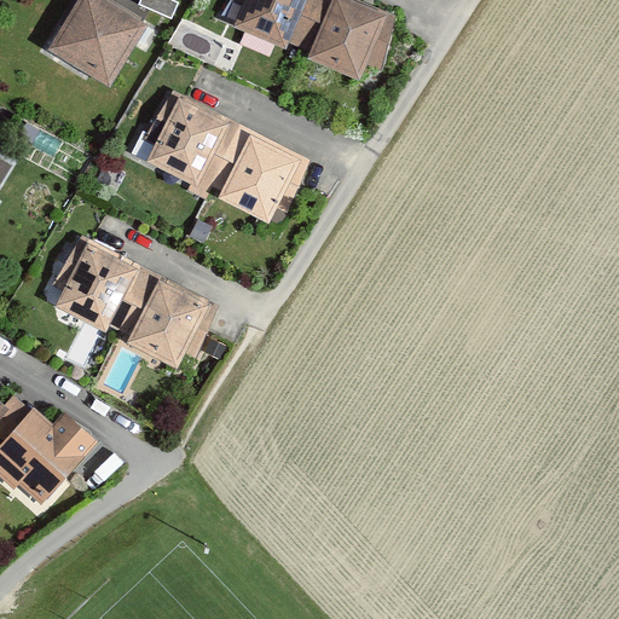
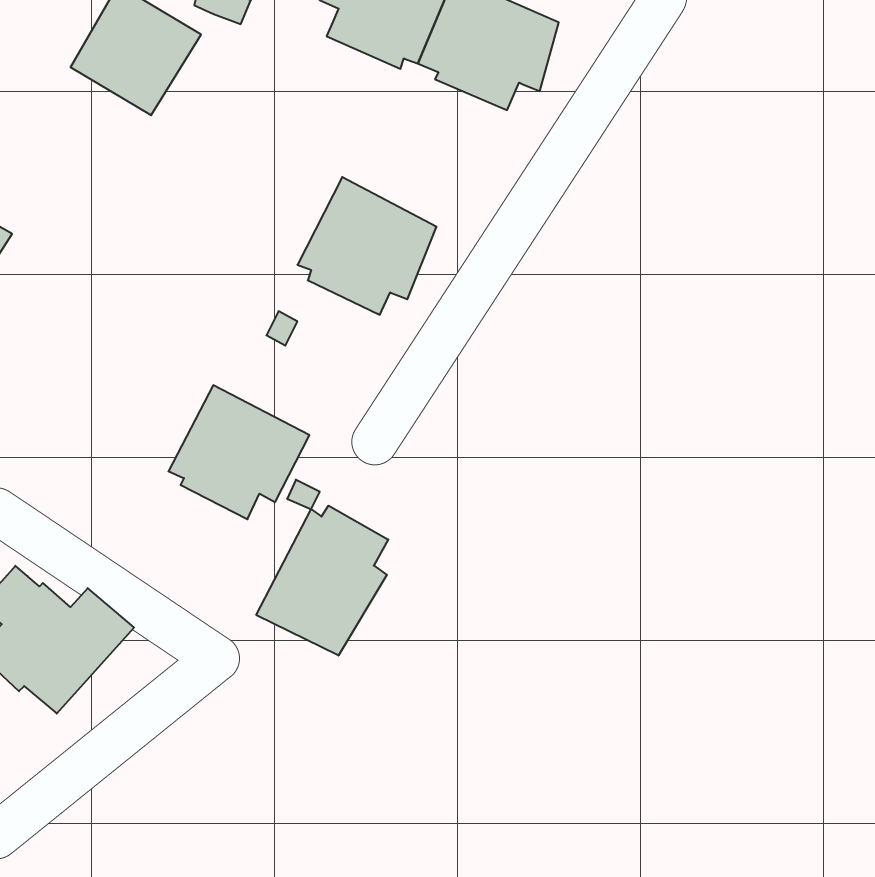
building: [143,91,241,198] -> none
building: [53,235,150,331] -> none
building: none -> [256,506,388,656]

